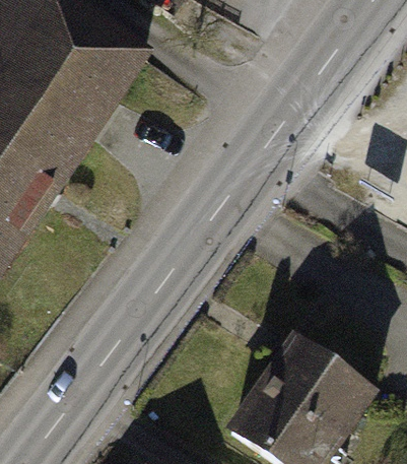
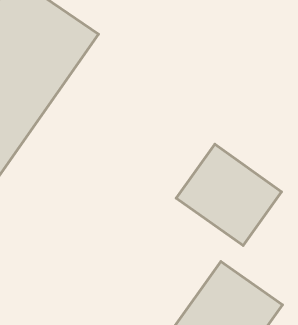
building: none -> [176,144,282,246]

